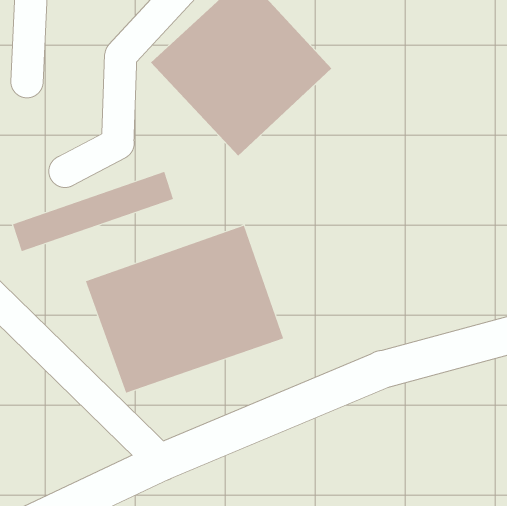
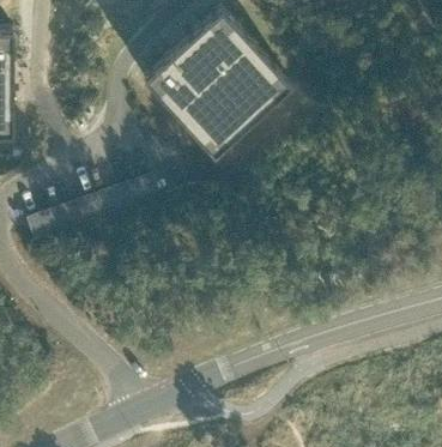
building: [85,225,284,393] -> none

